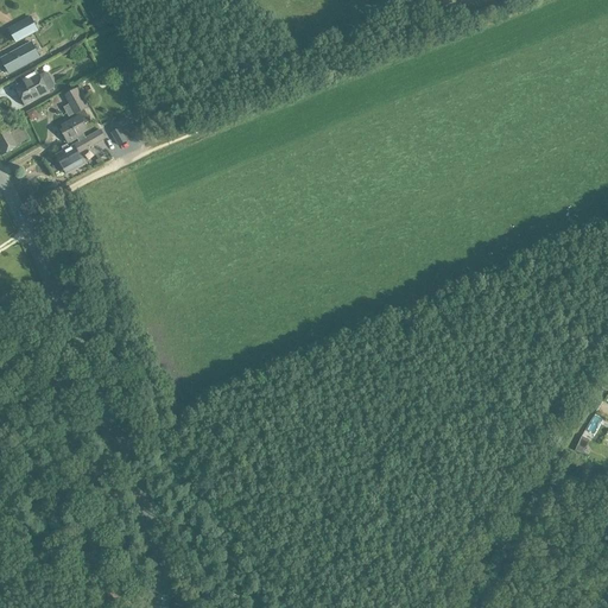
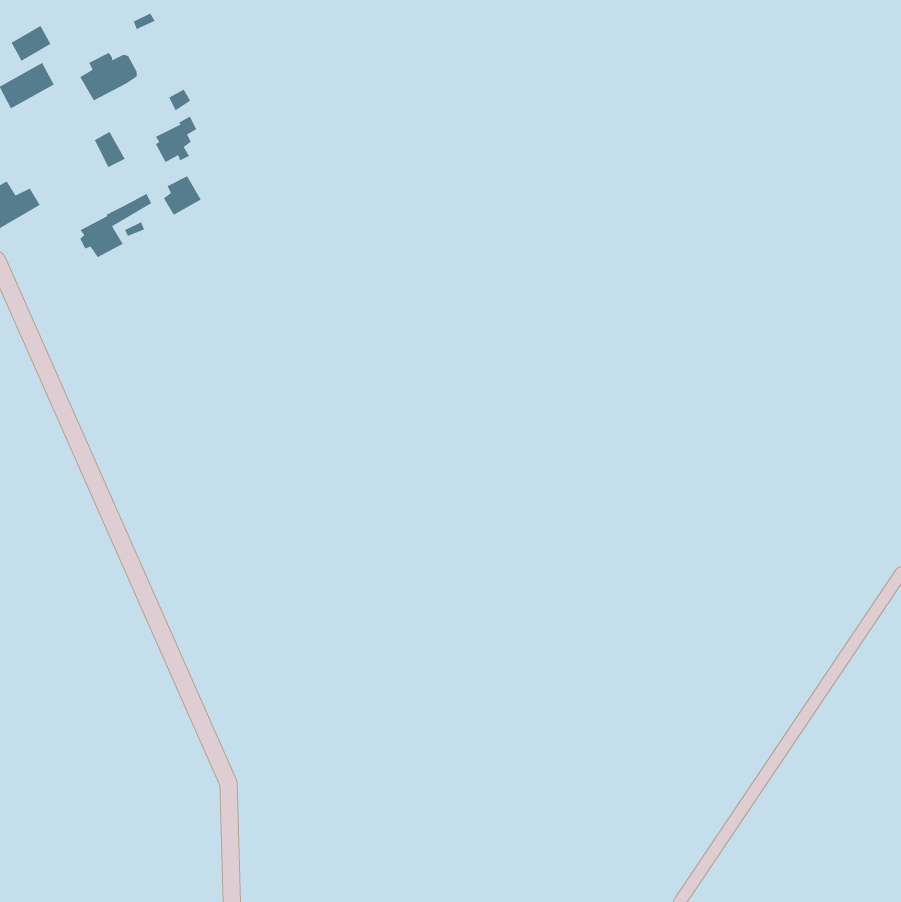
building: [13,70,52,103] -> [79,52,138,101]
building: [59,110,88,142] -> [155,115,197,163]

